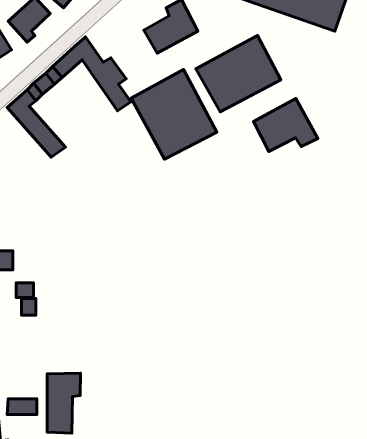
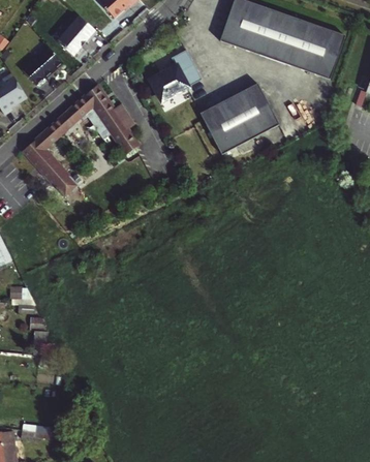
building: [131,70,217,159] -> none
building: [253,99,318,151] -> none
building: [47,373,81,433] -> none

